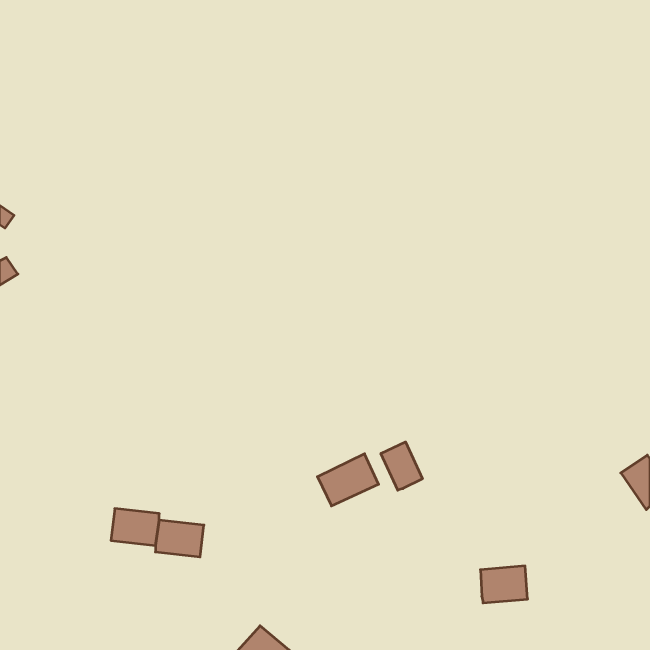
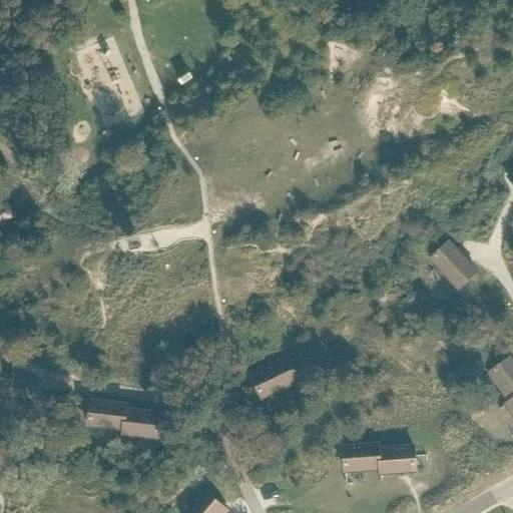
building: none -> [429,242,476,290]
building: [381,442,422,490] -> none
building: none -> [342,444,379,473]

